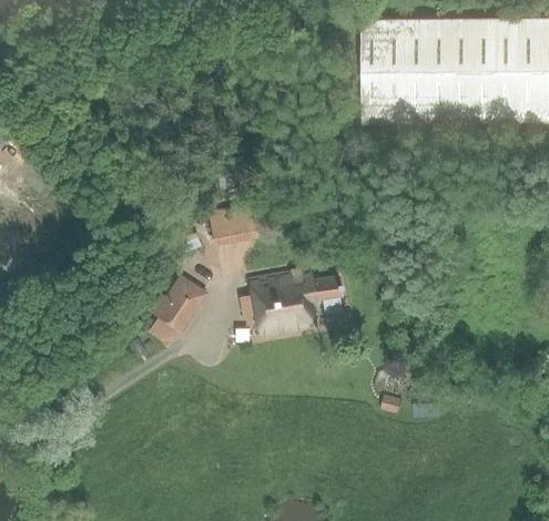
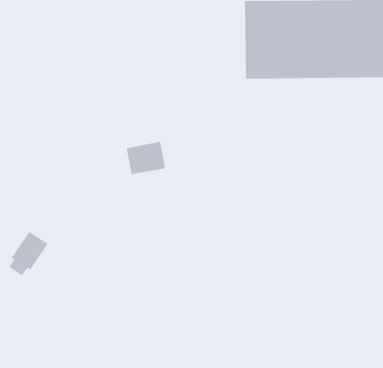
building: [250,268,343,335] -> none
building: [152,278,204,337] -> [8,231,48,276]

